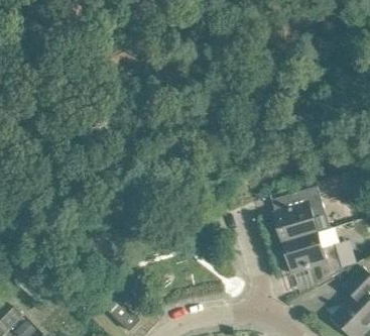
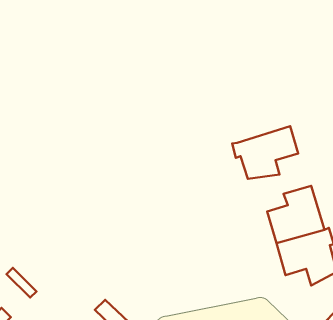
building: none -> [232,126,298,179]

